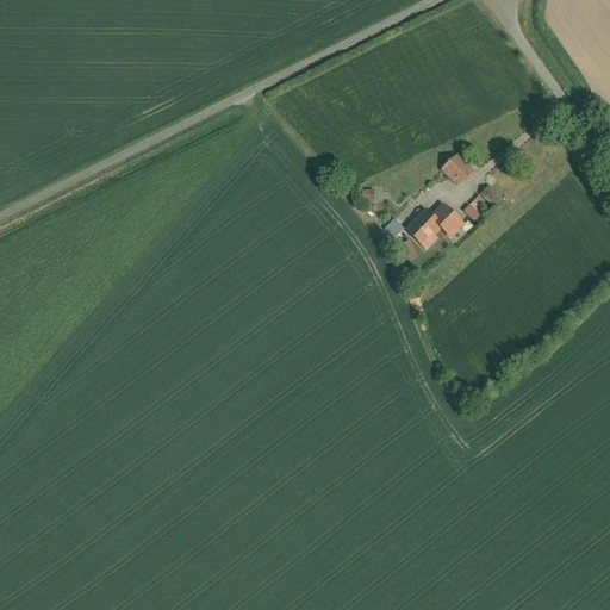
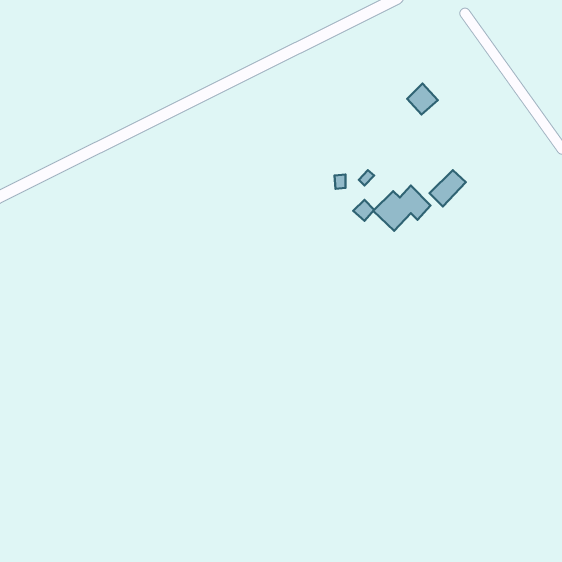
building: [440,152,473,186] -> [407,84,438,114]

